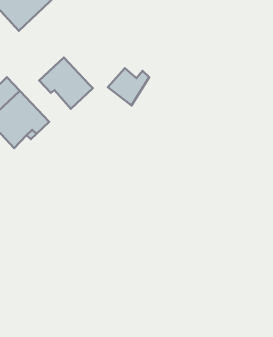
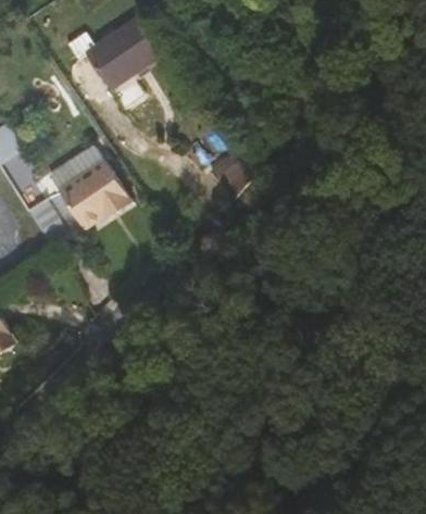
building: [39,58,93,109] -> none

